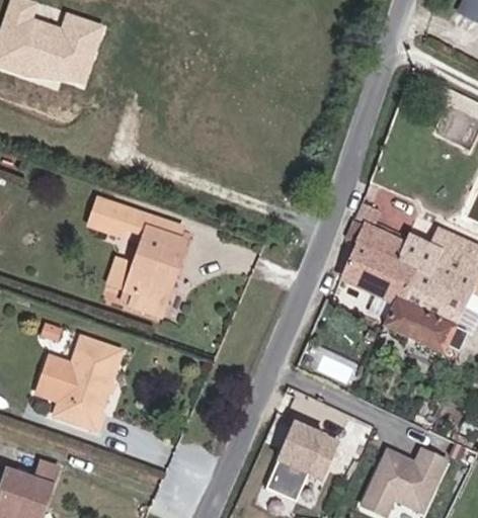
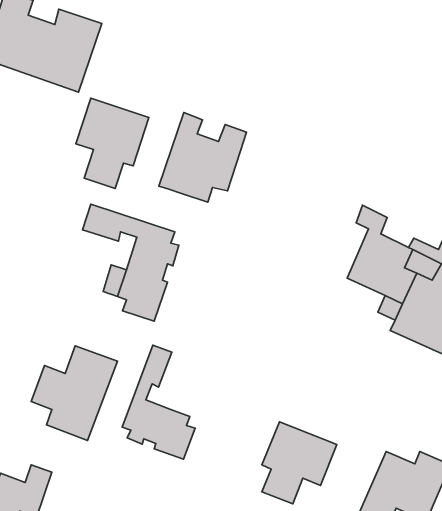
building: none -> [76,98,149,189]
building: none -> [159,113,247,202]
building: none -> [122,345,195,459]

